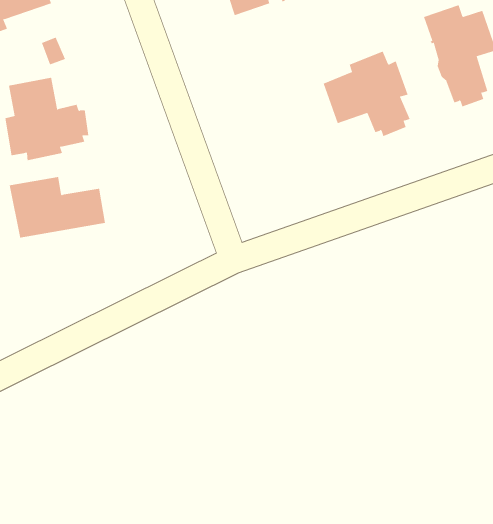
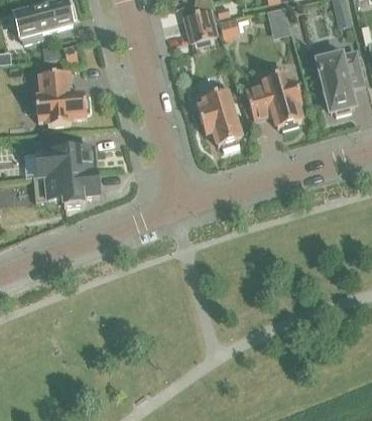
building: none -> [197,85,241,147]
building: none -> [33,170,99,205]

